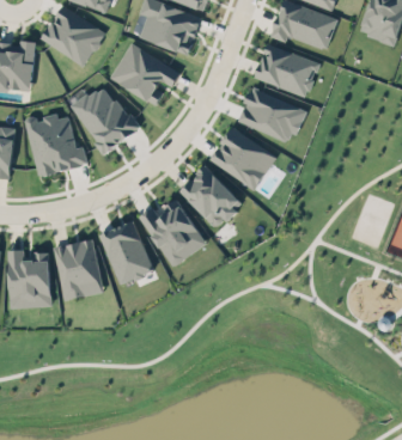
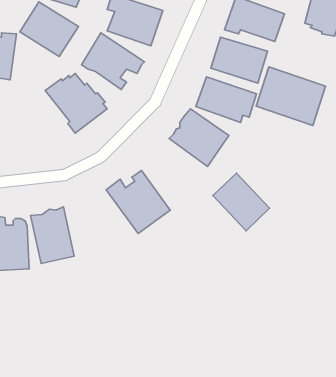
building: none -> [256,67,326,126]
building: [25,115,87,176] -> none
building: [179,165,243,230] -> [213,173,270,231]
building: [100,221,153,285] -> none

